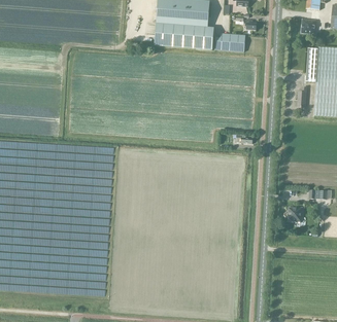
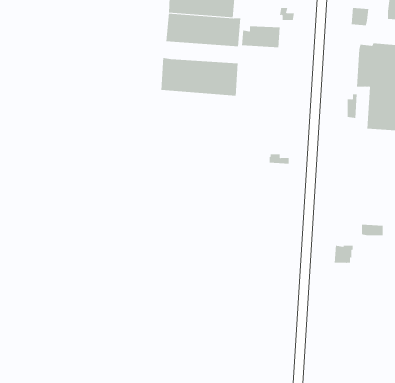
building: none -> [161,57,238,97]

